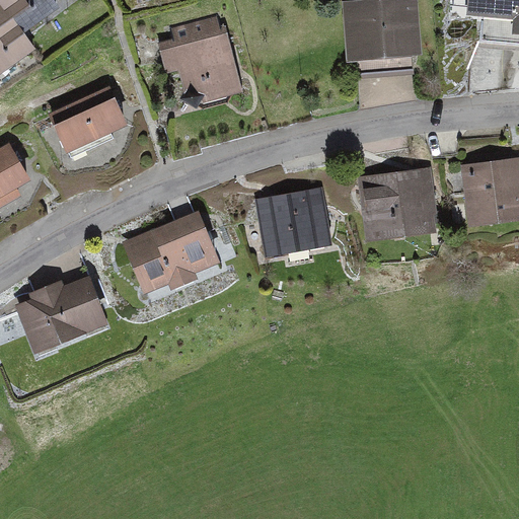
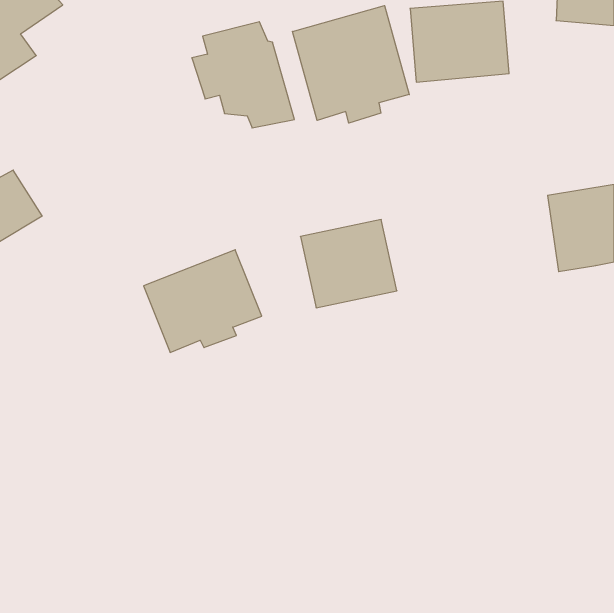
building: none -> [292,6,409,123]
building: [43,85,122,155] -> none
building: [358,166,441,243] -> none
building: [14,275,108,355] -> none

